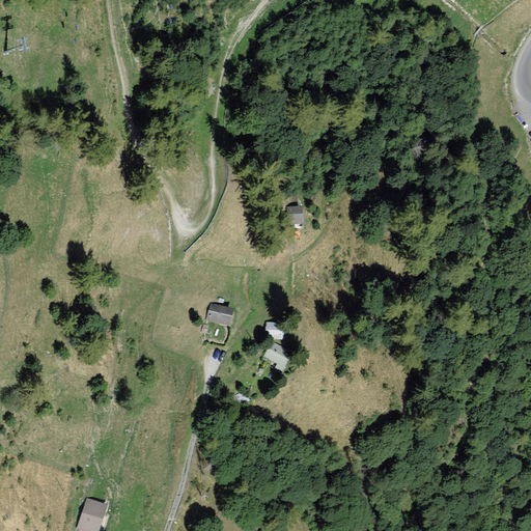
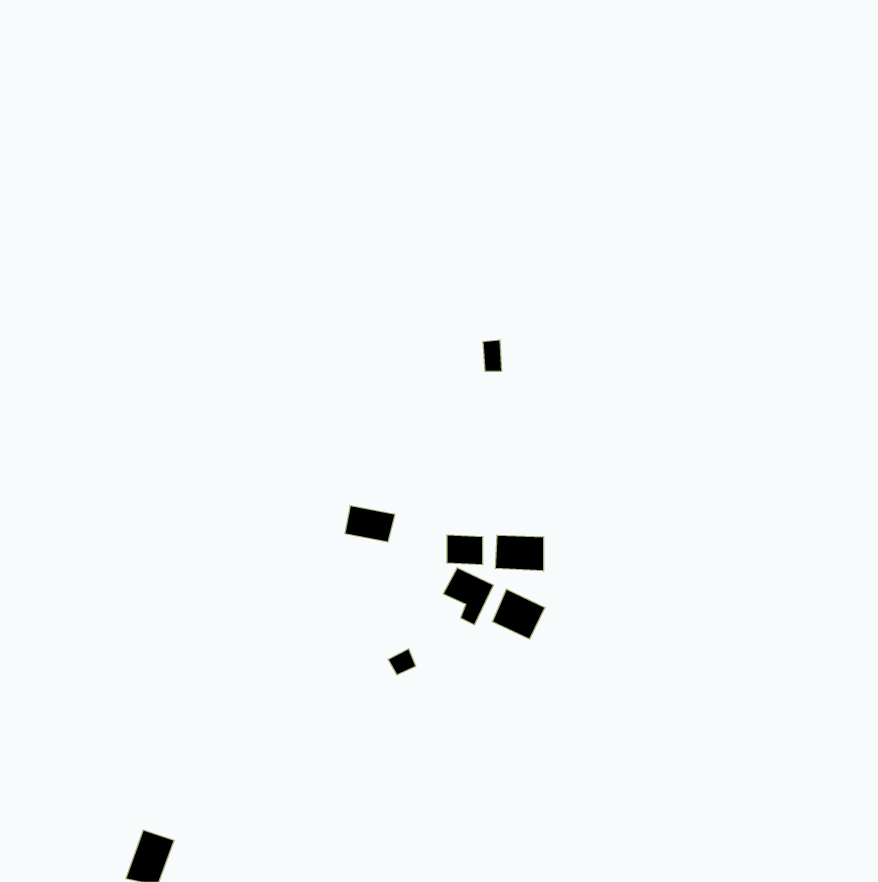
building: none -> [495,535,543,571]
building: none -> [493,589,545,639]

